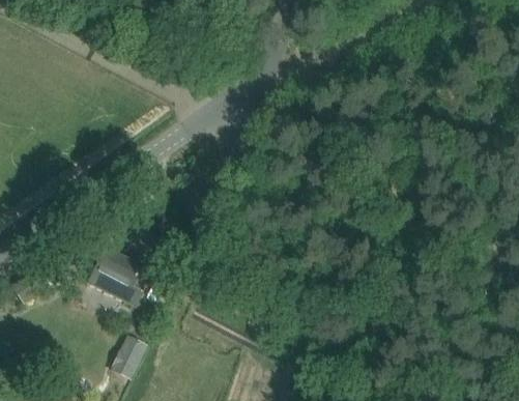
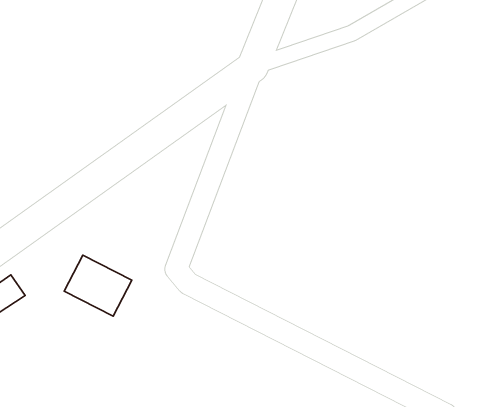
building: [109,335,146,379] -> none

